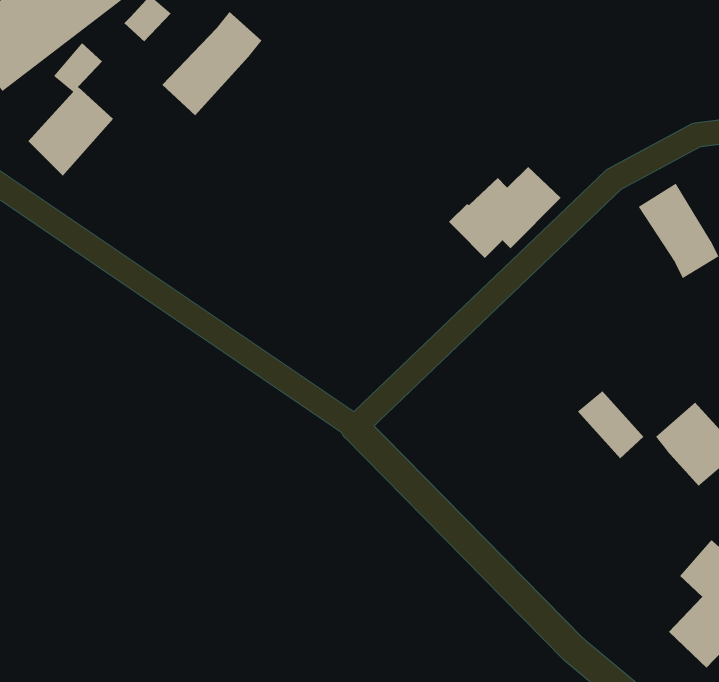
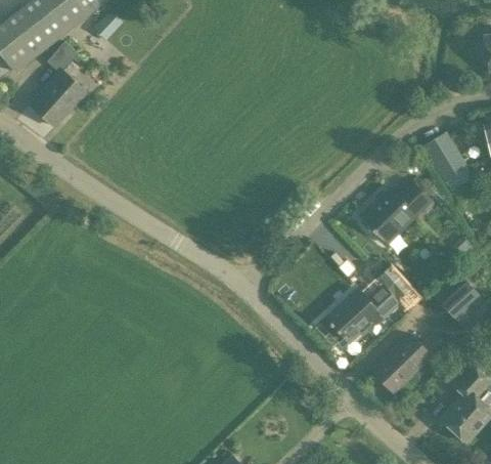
building: [161,11,262,116] -> none
building: [448,166,562,259] -> [359,180,432,240]
building: none -> [326,283,401,341]
building: none -> [372,333,447,392]

